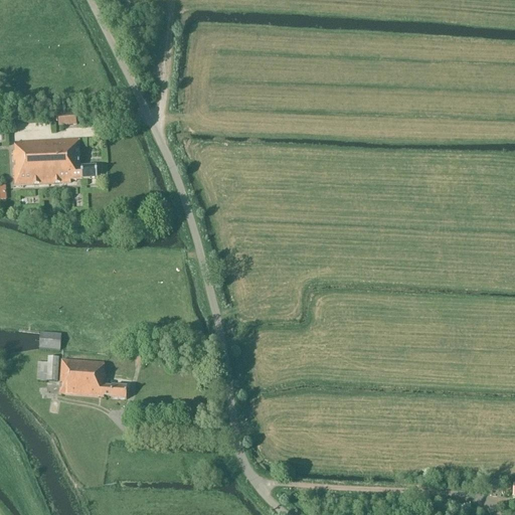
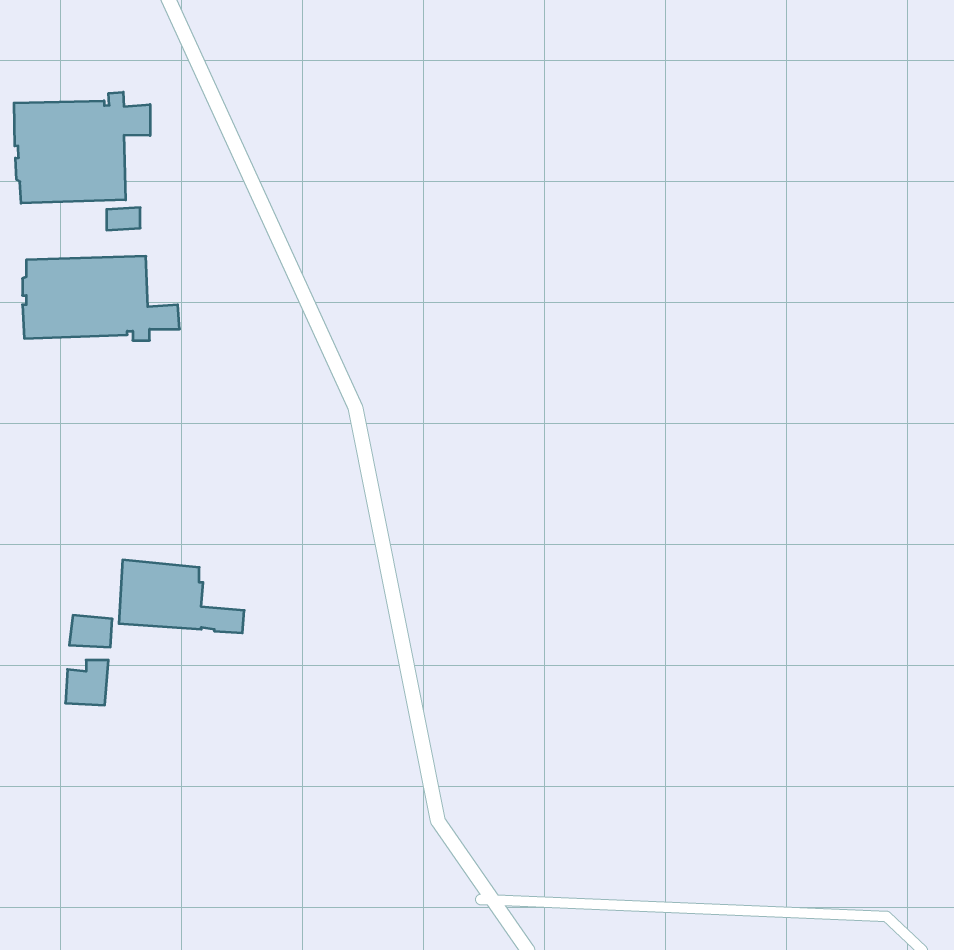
building: none -> [14,92,150,203]
building: [58,358,126,397] -> [119,560,244,633]

